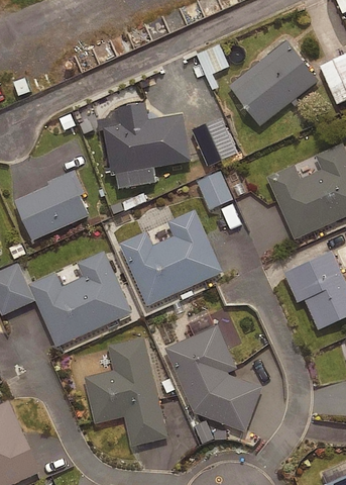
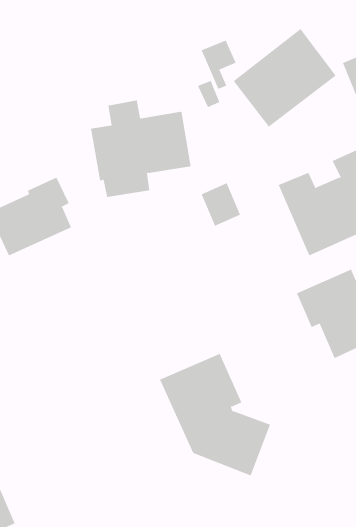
building: [119,209,222,305] -> none
building: [28,251,131,347] -> none
building: [84,336,167,446] -> none

